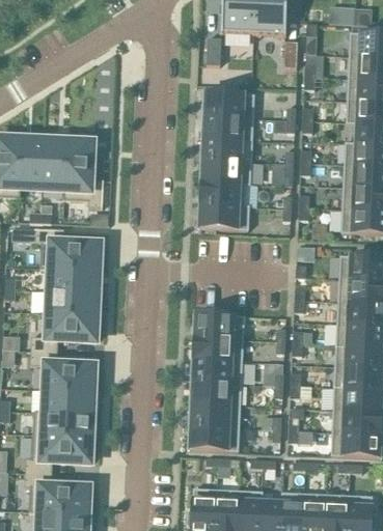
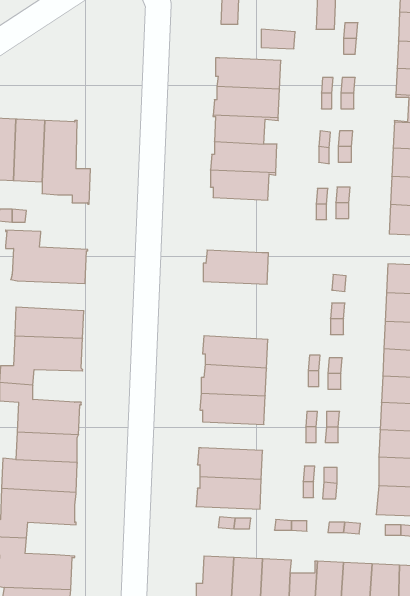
building: [198,202,250,229] -> [203,250,268,284]
building: [45,269,100,292] -> none
building: [192,381,242,403] -> none

